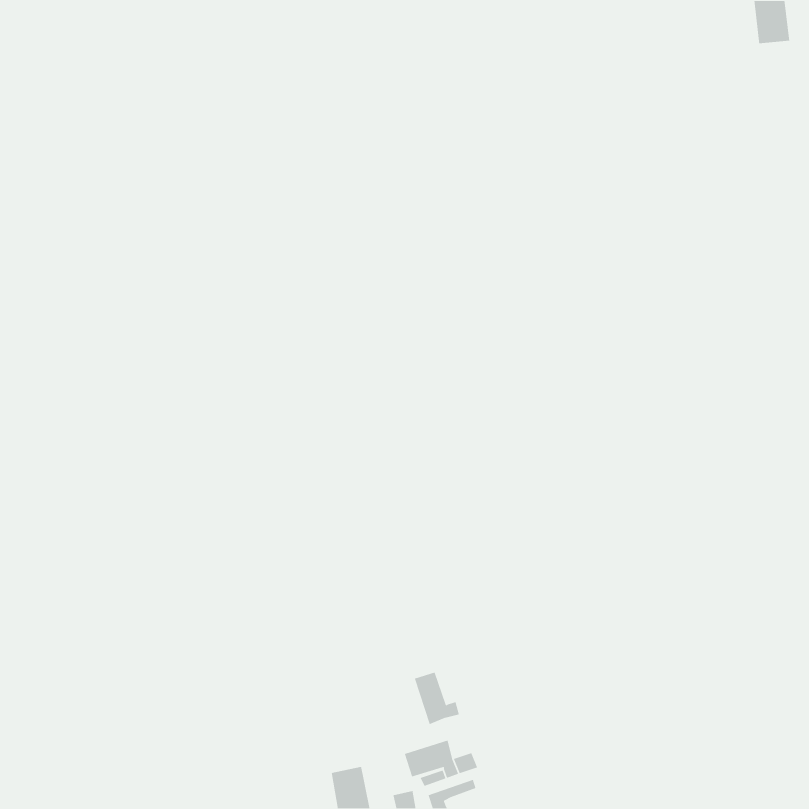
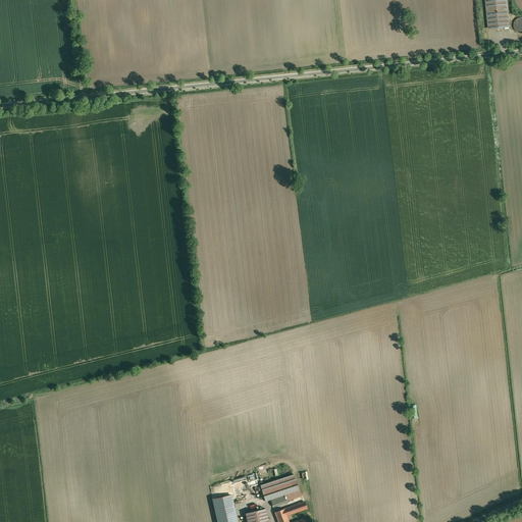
building: [414,671,460,725] -> none

